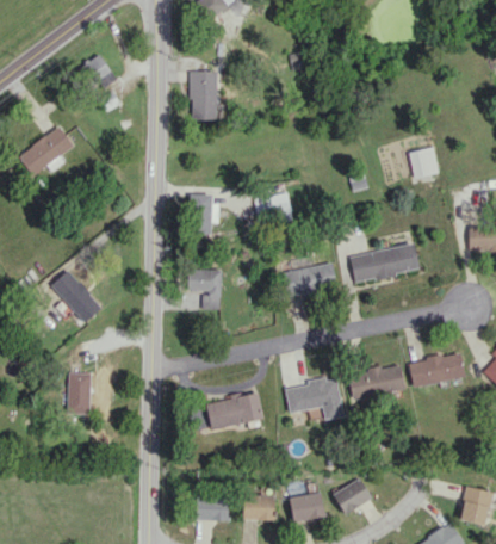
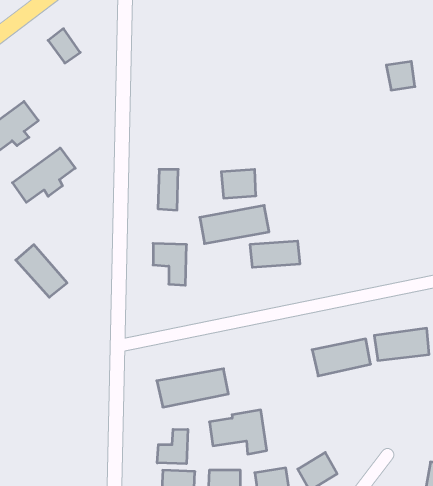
building: [190,70,218,120] -> none
building: [409,148,438,177] -> [386,61,415,90]
building: none -> [12,148,75,202]
building: [351,243,420,282] -> [200,205,269,244]
building: [68,372,92,414] -> none
building: [286,376,343,420] -> [209,410,267,454]
building: none -> [157,429,188,464]

